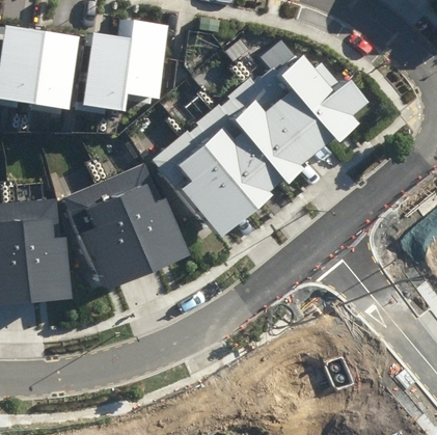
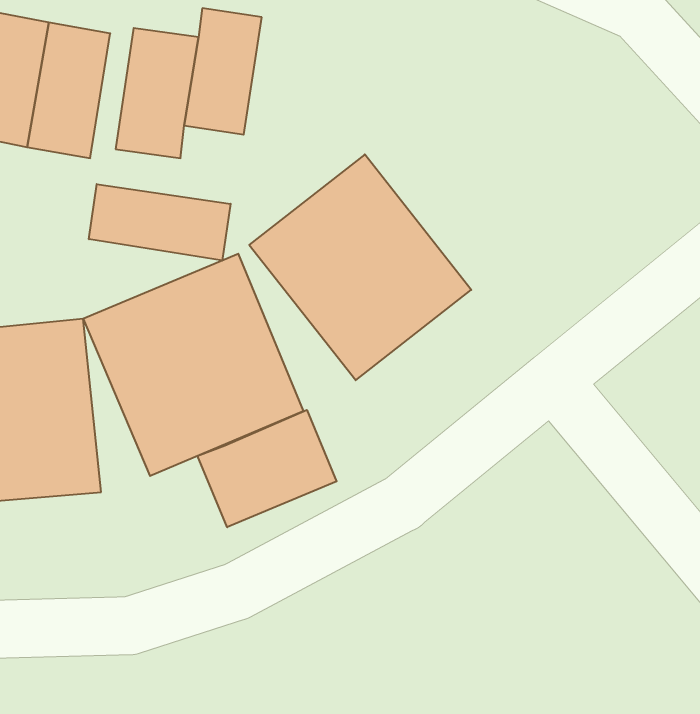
building: [224,48,359,184] -> none
building: none -> [89,184,231,261]
building: none -> [198,410,337,527]

